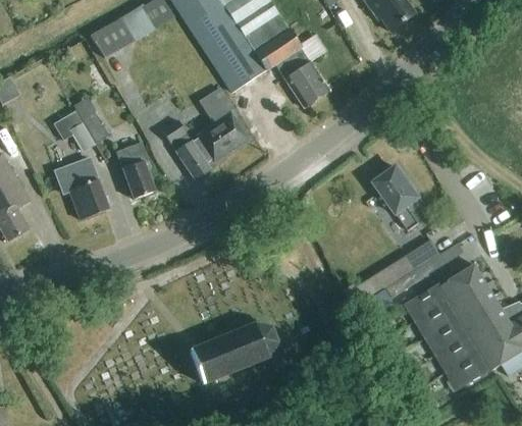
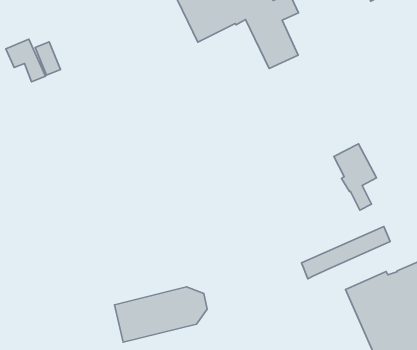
building: [161,87,246,179] -> none
building: [116,143,154,199] -> none
building: [63,165,108,219] -> none

